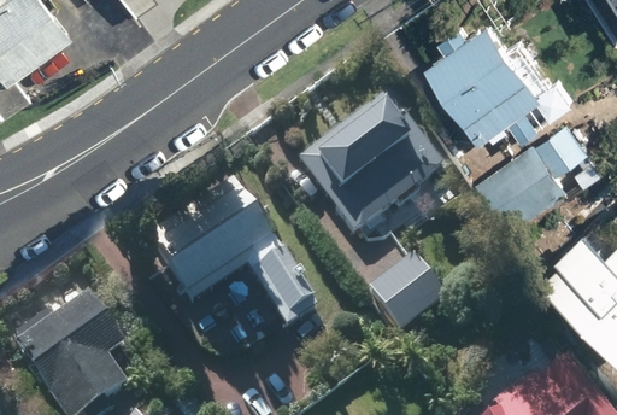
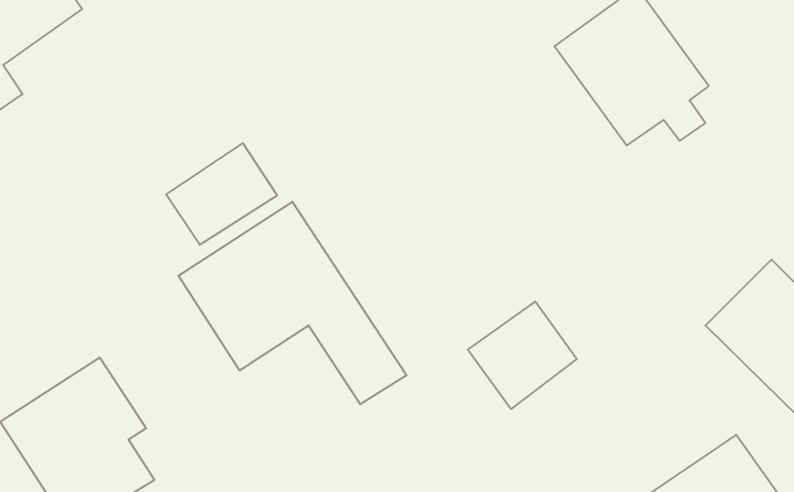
building: [296,94,445,240] -> none
building: [483,116,594,227] -> none
building: none -> [166,143,277,245]

